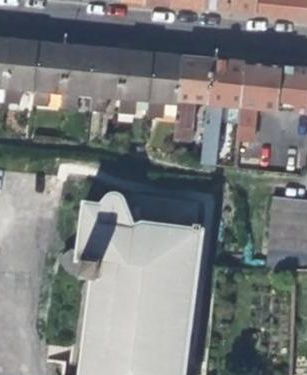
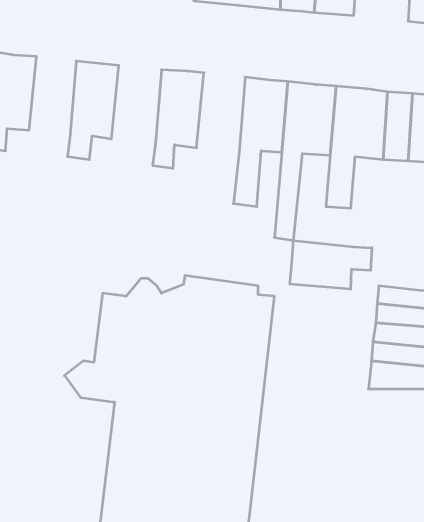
building: [32,41,66,108] -> none
building: [89,47,124,114] -> none
building: [147,52,181,120] -> none
building: none -> [290,240,372,289]

